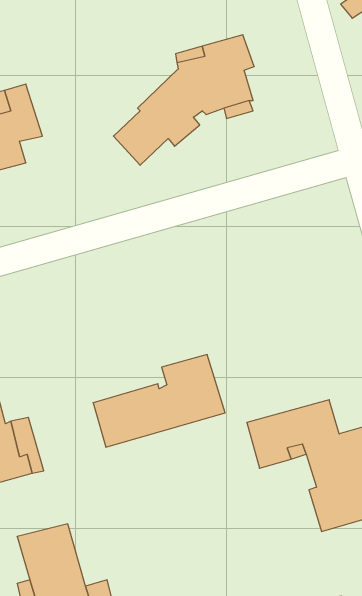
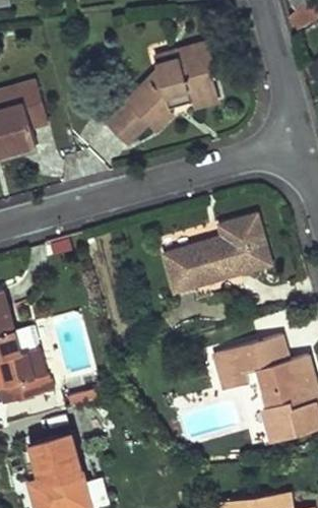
building: [93,355,225,447] -> [164,216,269,291]

